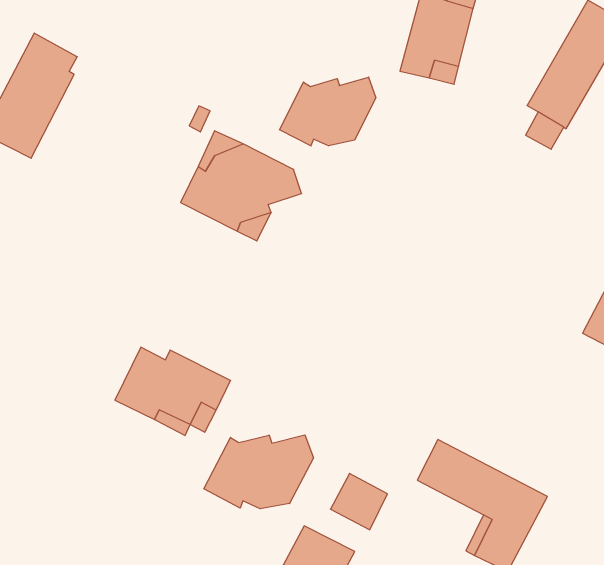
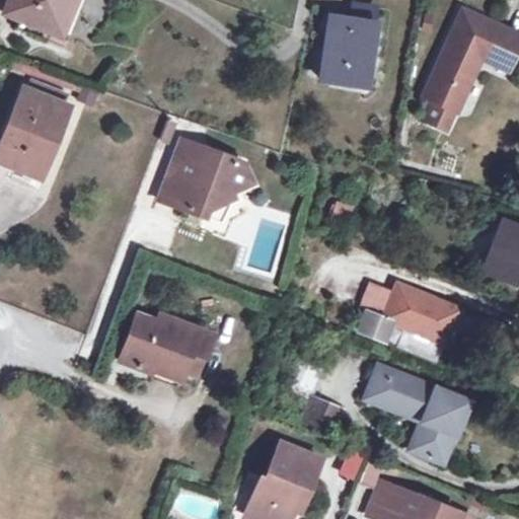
building: [280,77,376,146] -> none
building: none -> [358,281,458,343]
building: [204,435,314,509] -> none

